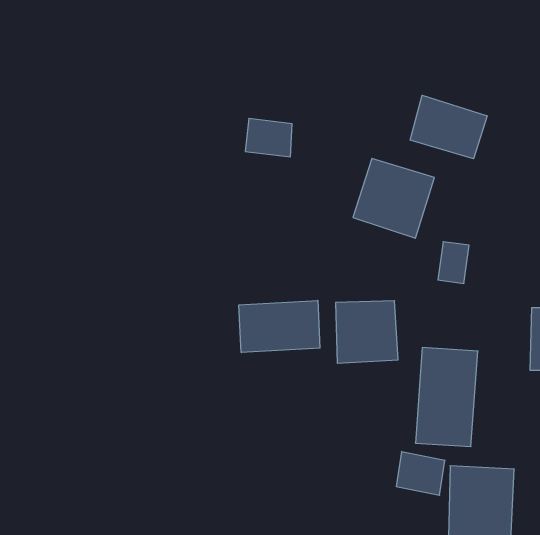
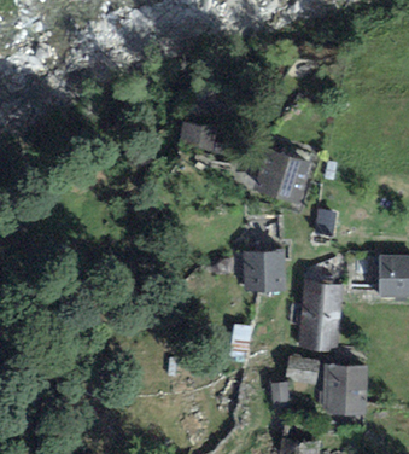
building: [410,95,487,159] -> none
building: [239,300,320,353] -> none

